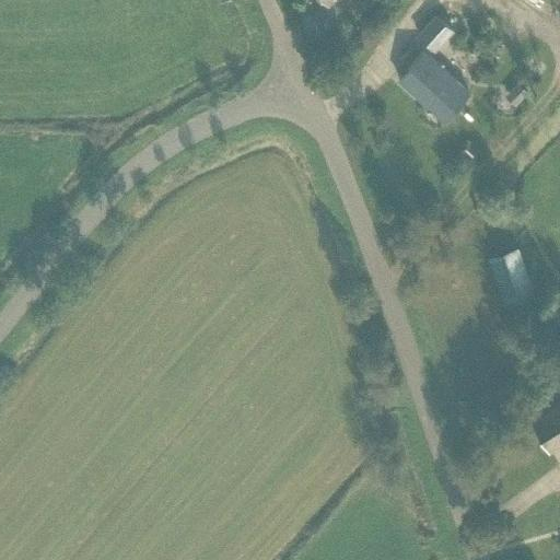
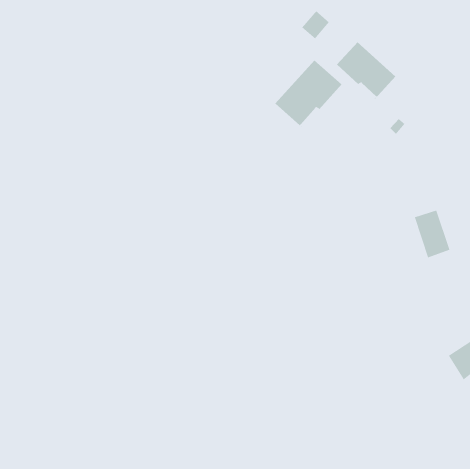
building: [421,18,455,52] -> [301,10,330,40]
building: none -> [275,59,342,128]

